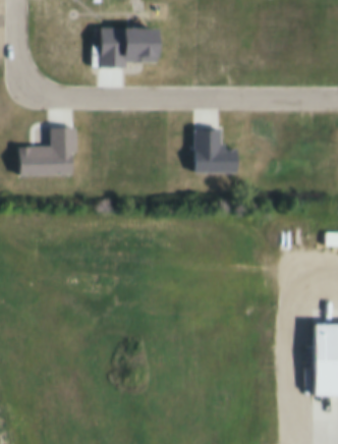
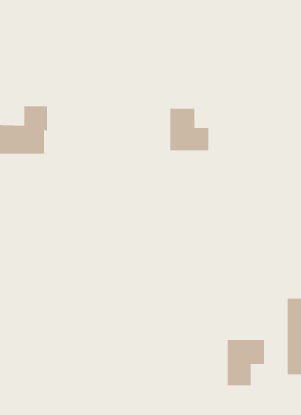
building: [99,27,155,67] -> none
building: none -> [227,339,264,386]

